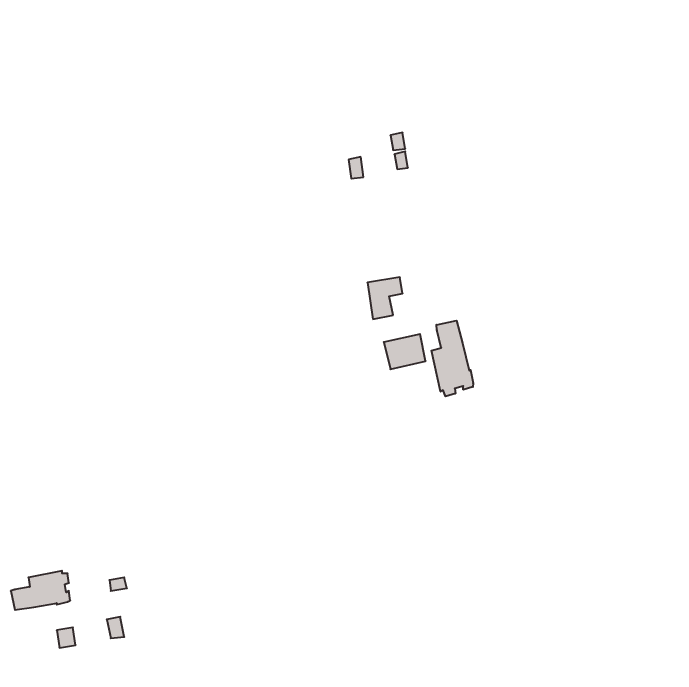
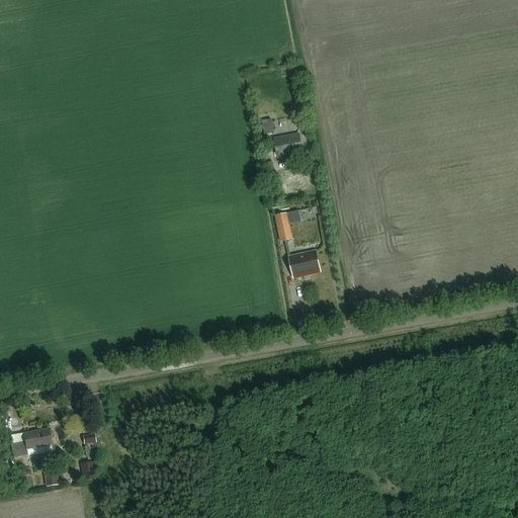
building: none -> [271,133,300,156]
building: [431,321,473,396] -> none

